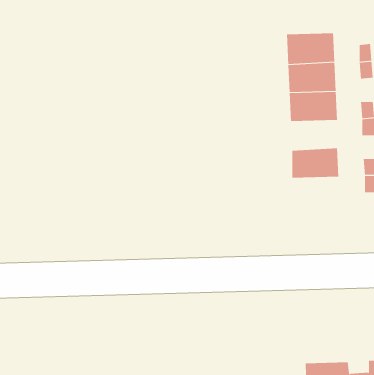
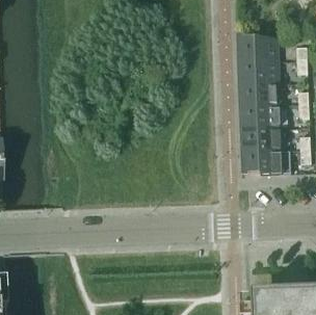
building: none -> [243,104,281,128]
building: none -> [244,149,291,174]

